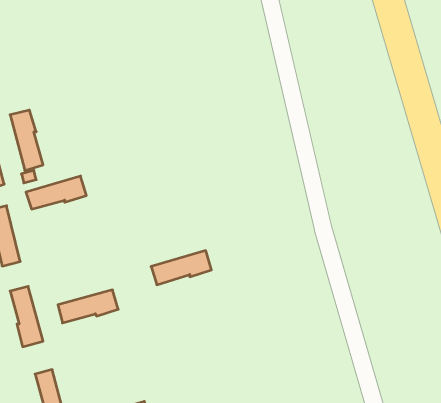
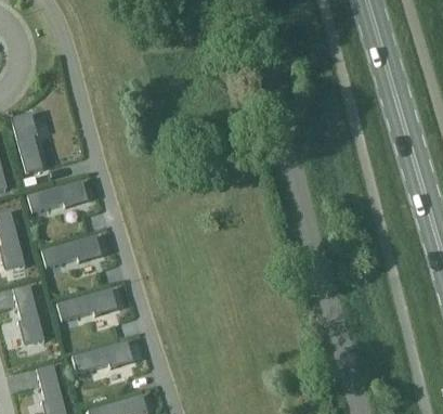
building: [151,251,211,285] -> [42,235,100,268]
building: none -> [74,340,131,372]

